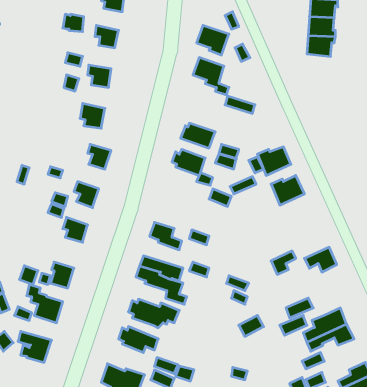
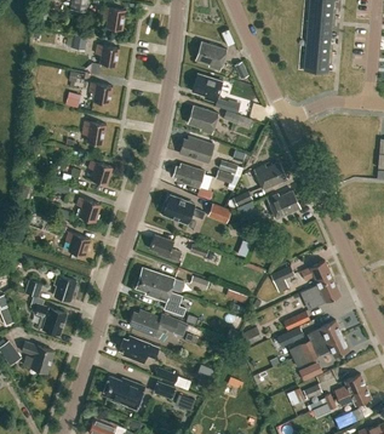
building: none -> [188,107,219,137]
building: none -> [162,196,205,229]
building: none -> [300,278,342,307]

